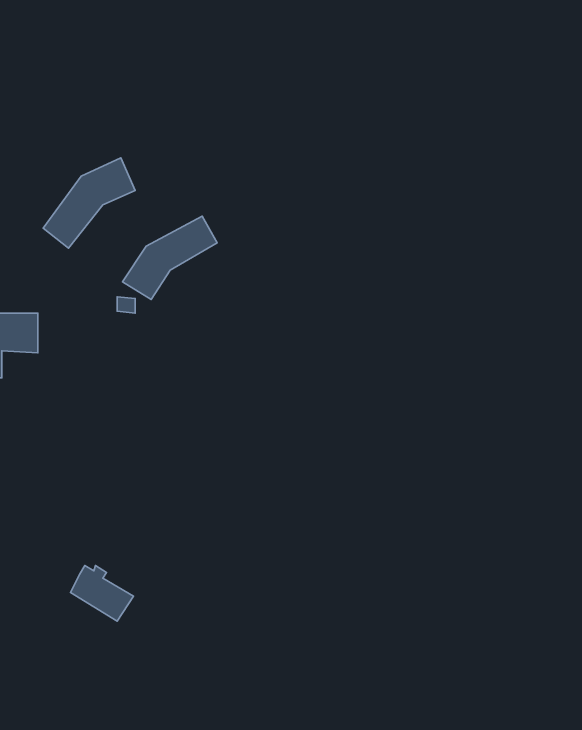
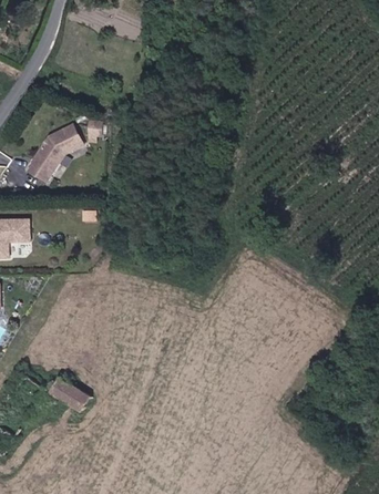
building: [123,216,217,300] -> none

